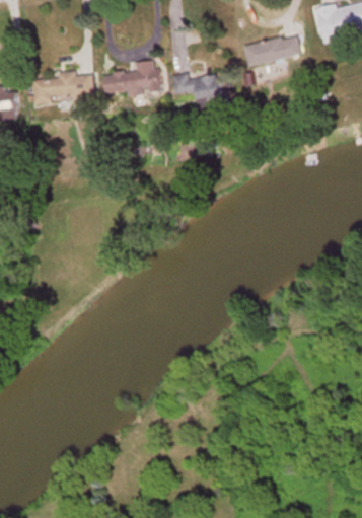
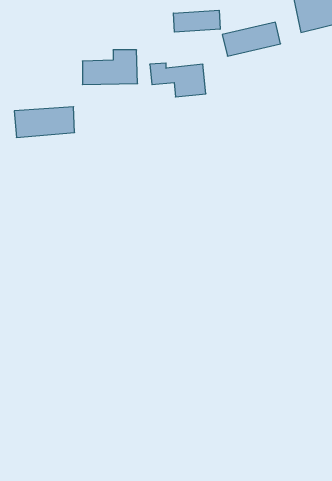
building: none -> [173,10,220,32]
building: [33,72,93,102] -> [14,107,75,137]

